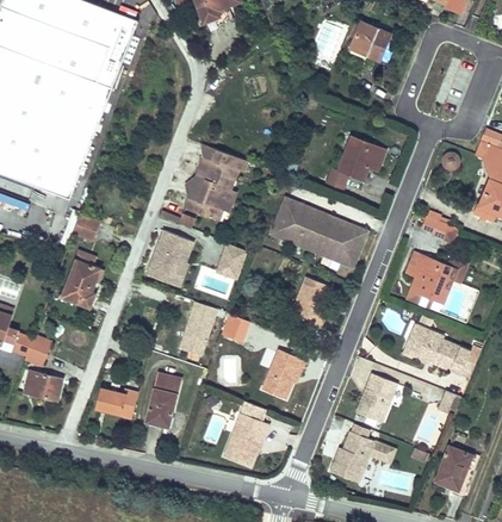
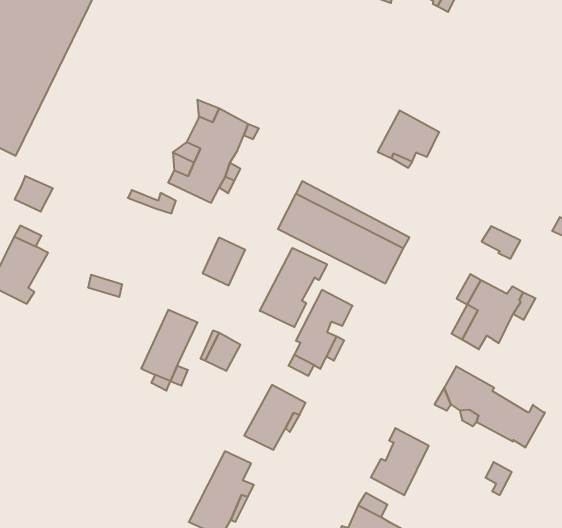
building: [148,230,193,286] -> none
building: none -> [260,248,327,327]
building: [145,373,181,425] -> none
building: [98,389,137,416] -> none

